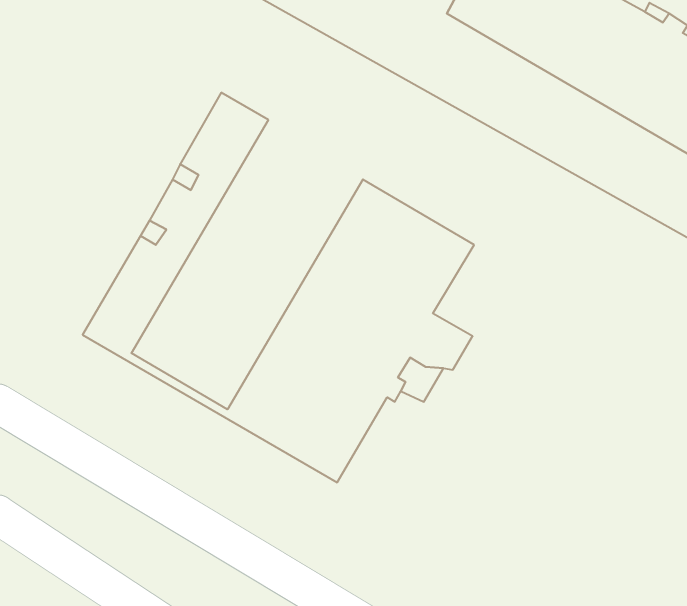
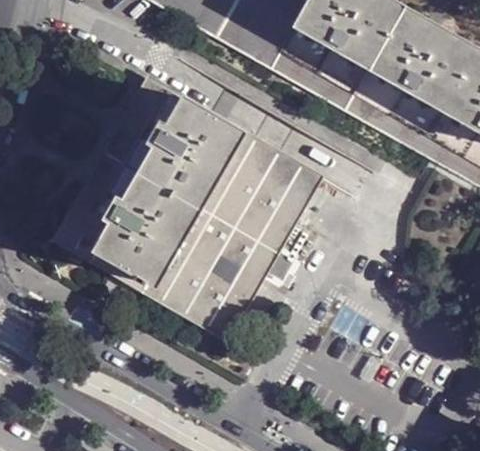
building: none -> [93,94,245,284]

